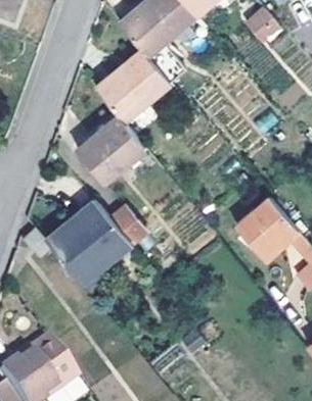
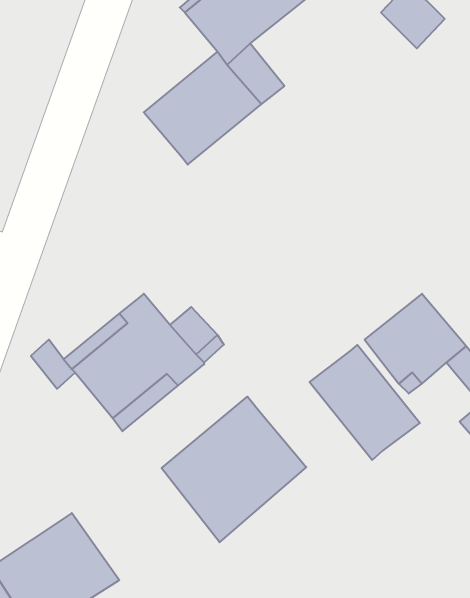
building: [77,112,146,179] -> none
building: none -> [310,345,420,460]
building: none -> [162,397,306,542]

